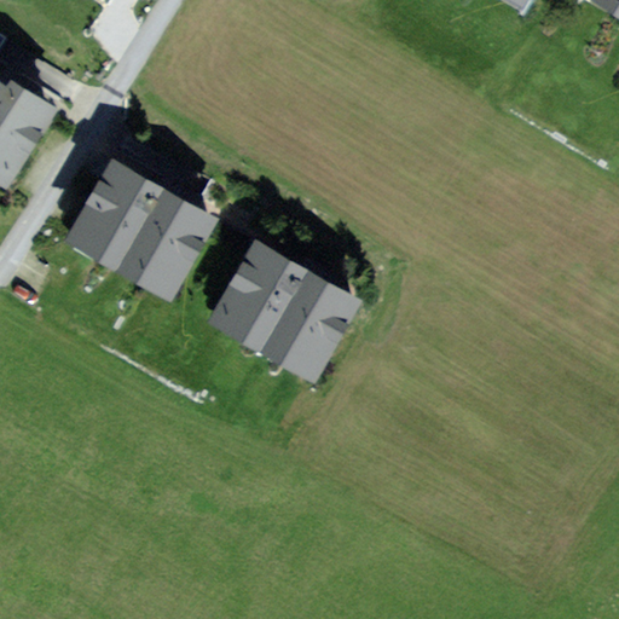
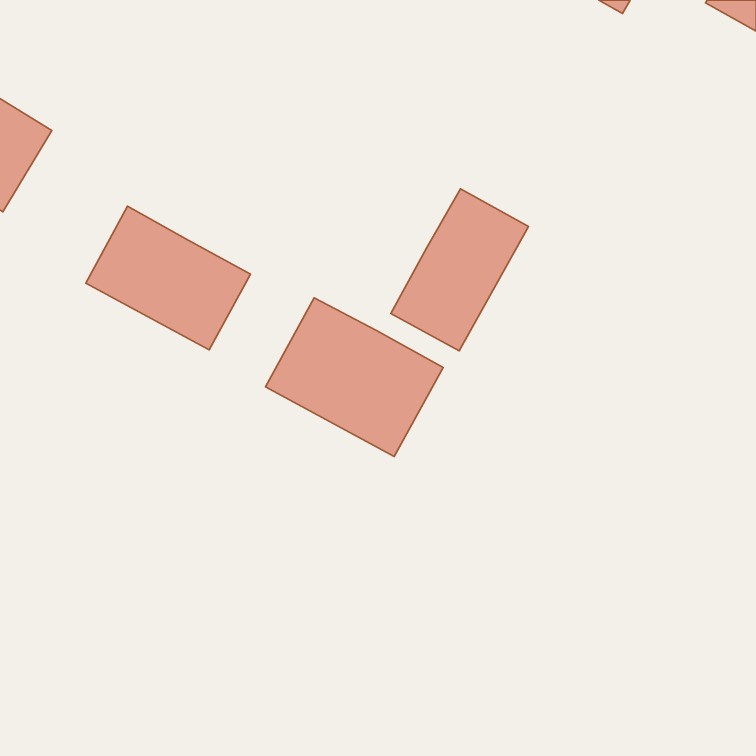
building: none -> [391,189,529,351]

